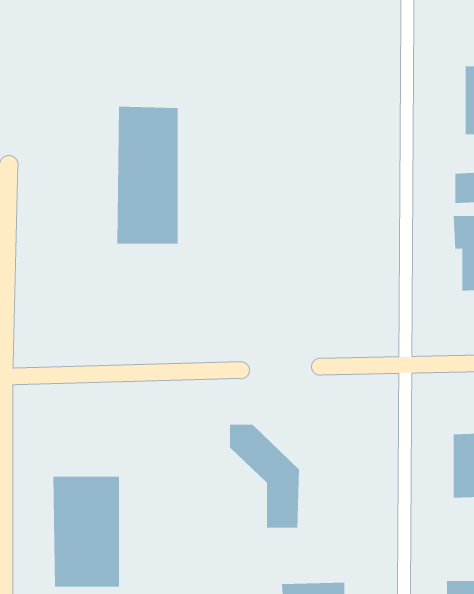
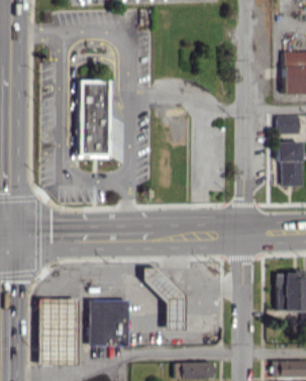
building: none -> [88,298,129,347]

